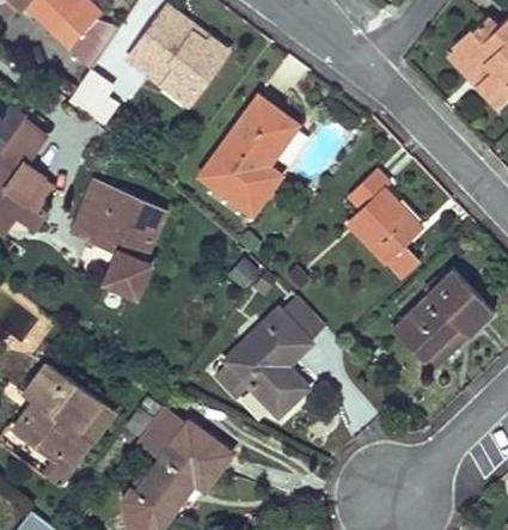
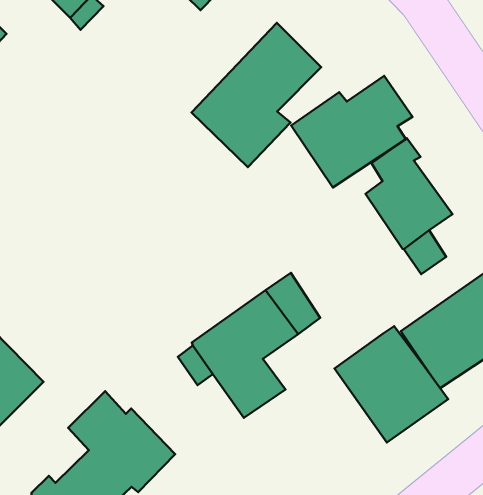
building: none -> [291,76,413,187]
building: [74,183,163,297] -> none
building: none -> [335,326,448,443]

